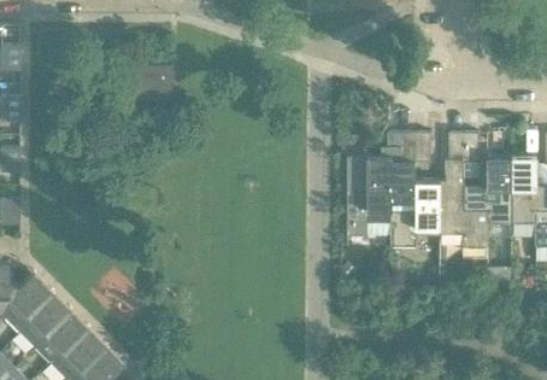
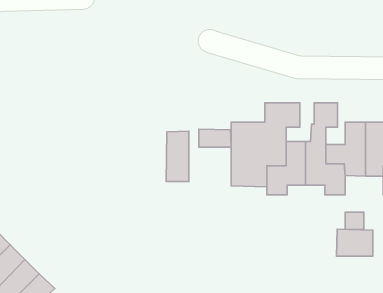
building: [136,66,172,100] -> none
building: none -> [199,129,231,147]
building: none -> [166,131,189,182]
building: none -> [337,229,373,256]

